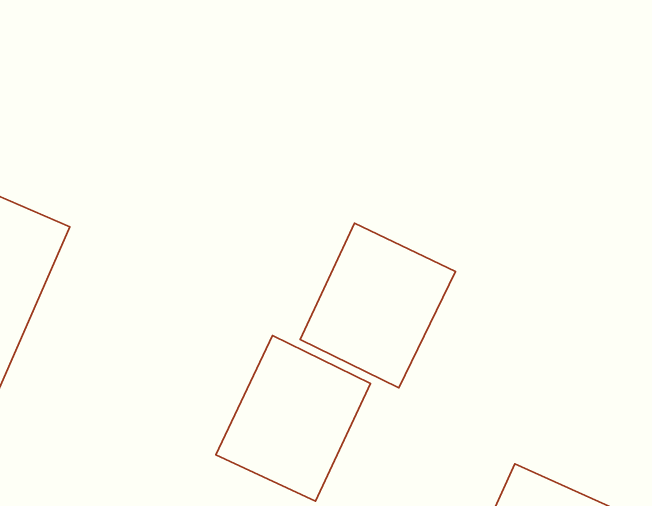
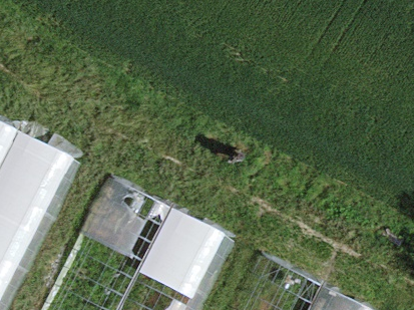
building: [300,223,456,388] -> none

